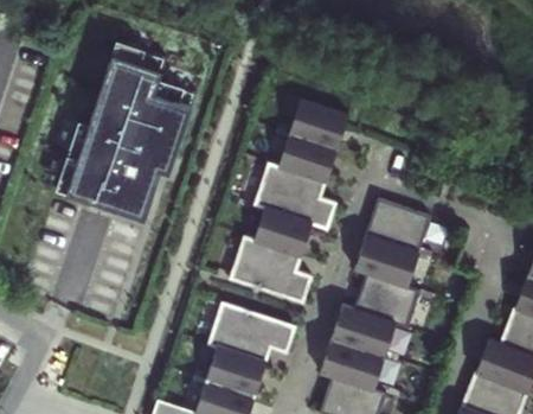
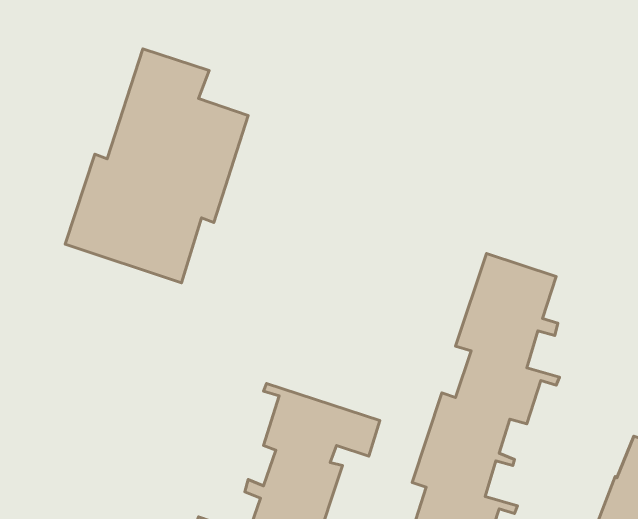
building: [217,98,347,304] -> none

